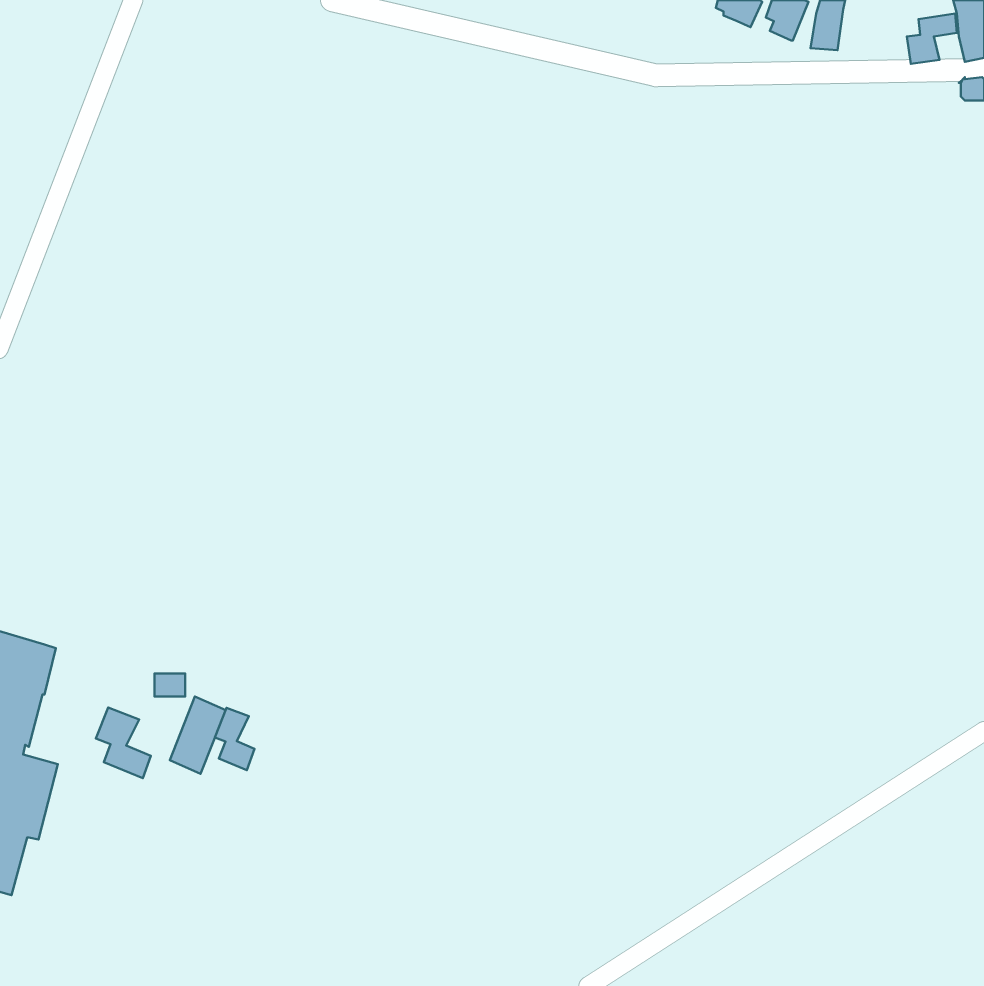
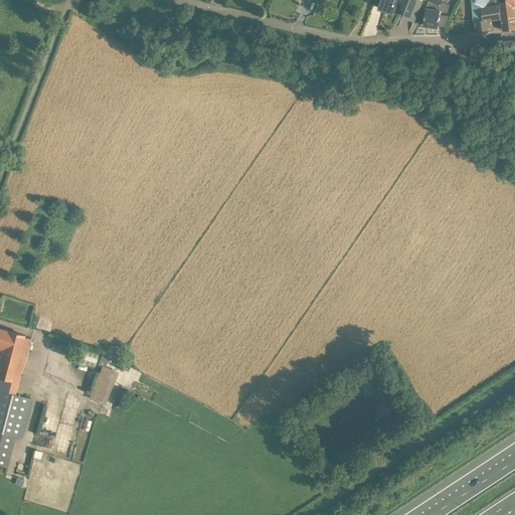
building: [96,707,151,778] -> none
building: [215,708,255,770] -> none

